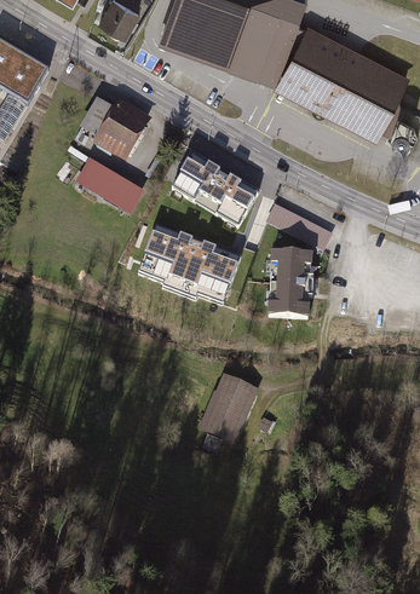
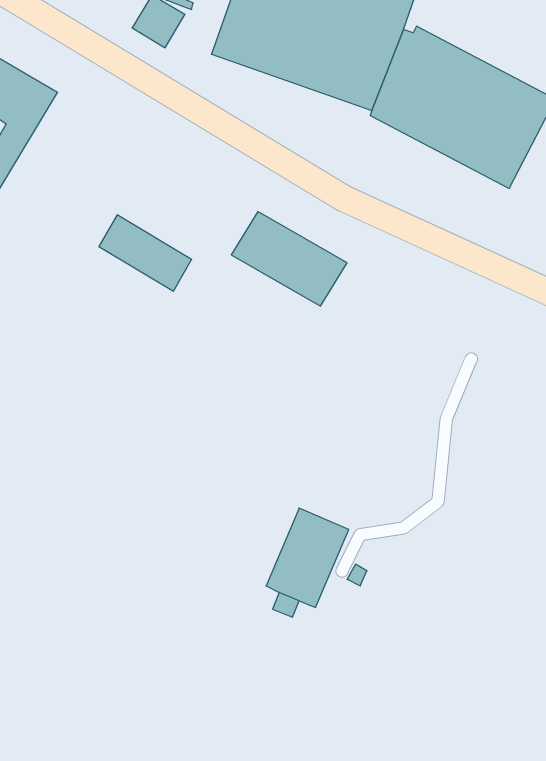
building: [77,99,150,162] -> none
building: [266,204,330,250] -> none
building: [138,224,242,304] -> none
building: [264,253,312,321] -> none

